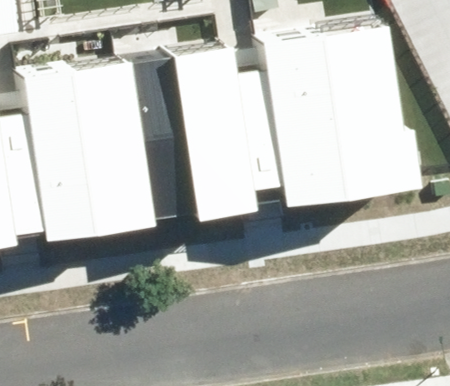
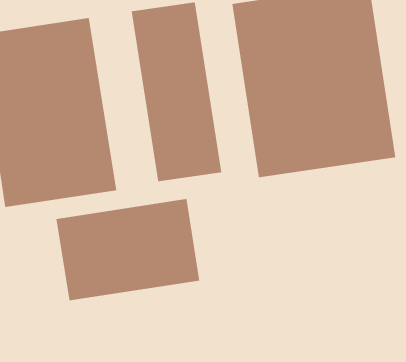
building: none -> [56,198,200,301]

